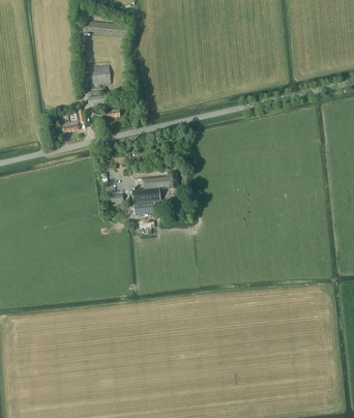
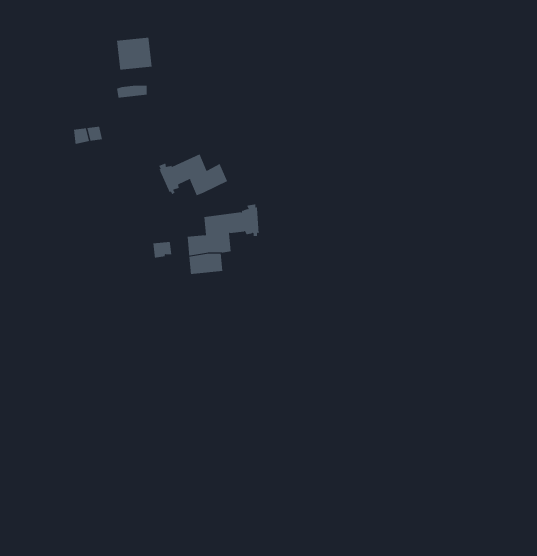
building: none -> [158,153,228,196]

